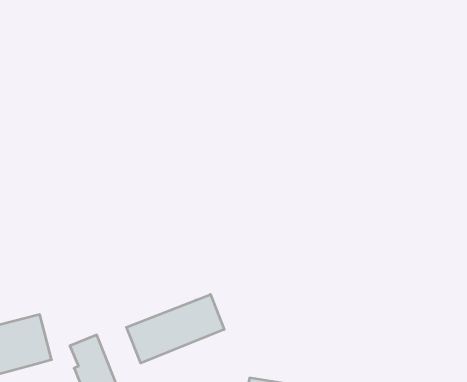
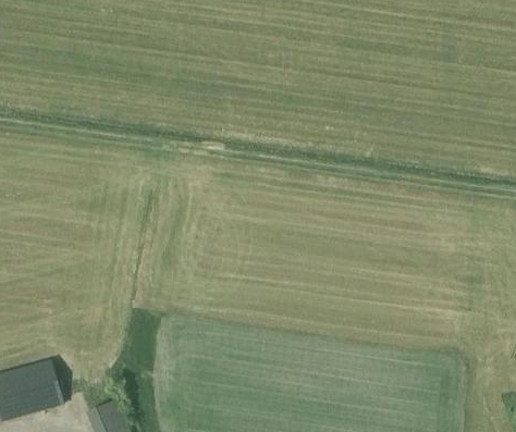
building: [126,294,224,363] -> none

